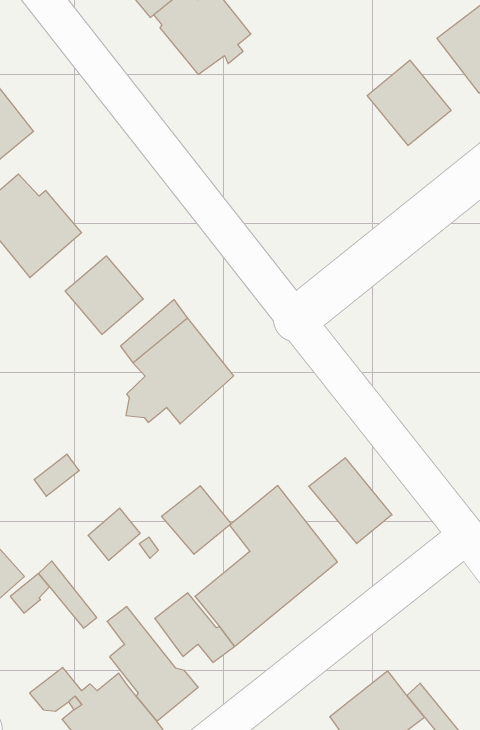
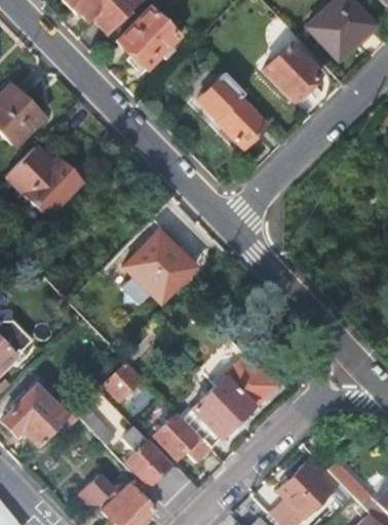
building: none -> [197,75,271,151]
building: [65,256,143,334] -> none
building: [309,458,392,544] -> none
building: [162,486,231,554] -> none

